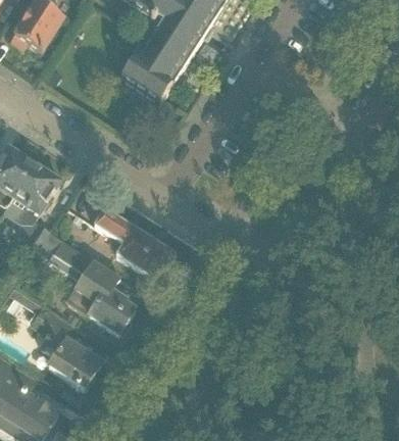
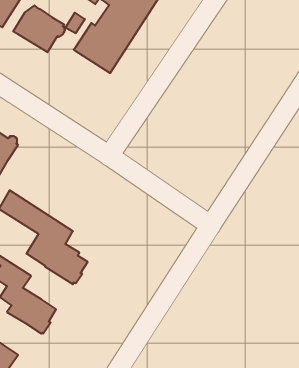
building: none -> [13,5,65,52]
building: [93,208,176,281] -> none

